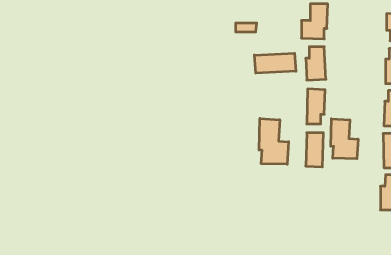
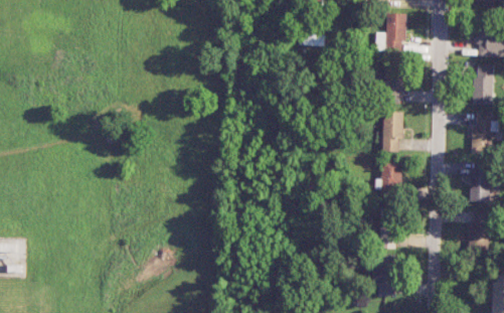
building: [254,53,296,73] -> none
building: [259,118,289,164] -> none
building: [331,119,358,159] -> none

